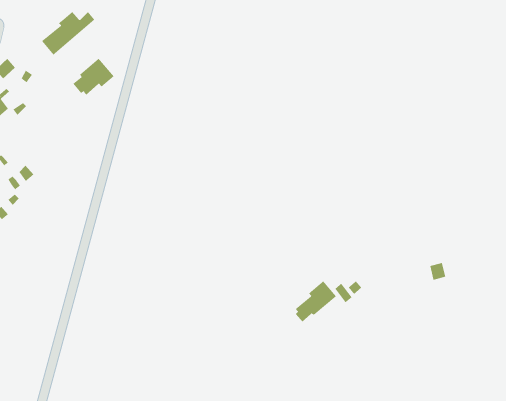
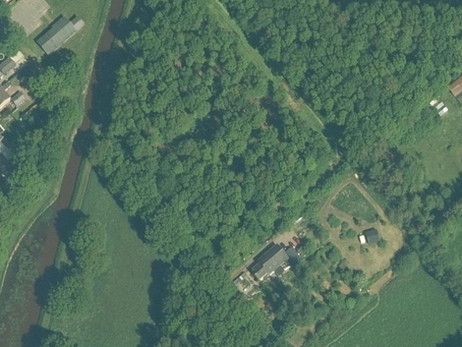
building: [73,58,114,95] -> none

